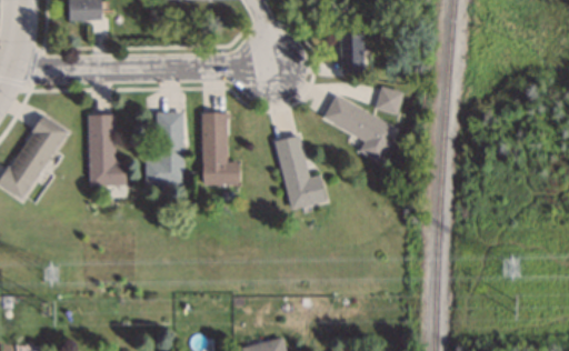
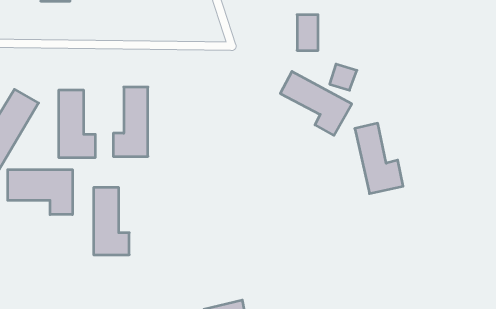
building: [202,114,240,185] -> [94,188,129,255]
building: [276,137,327,211] -> [355,123,403,194]
building: none -> [8,170,72,215]

